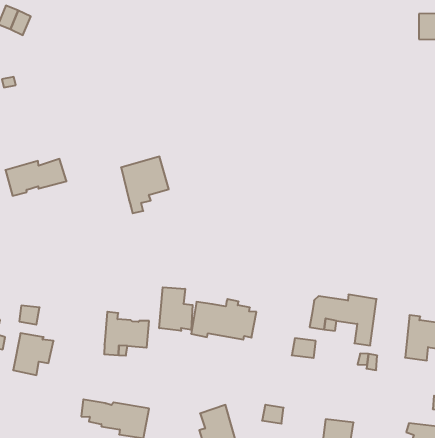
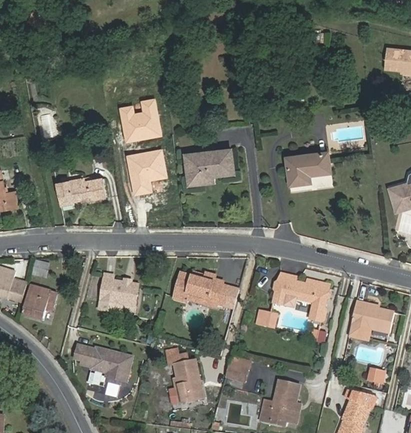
building: none -> [121,98,162,139]
building: none -> [285,152,330,186]
building: none -> [187,150,235,182]
building: [5,159,67,196] -> [56,178,106,205]
building: [159,287,193,331] -> none

